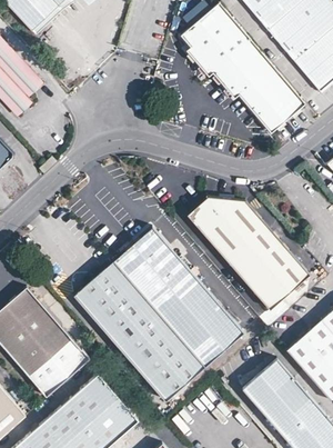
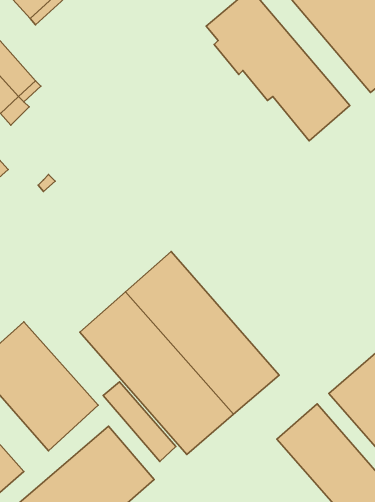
building: [186,197,307,309] -> none
building: none -> [103,382,176,461]

